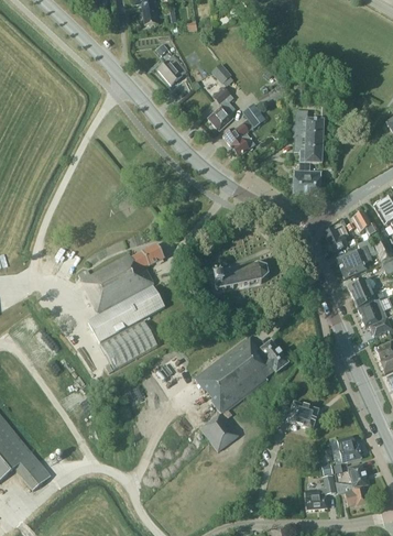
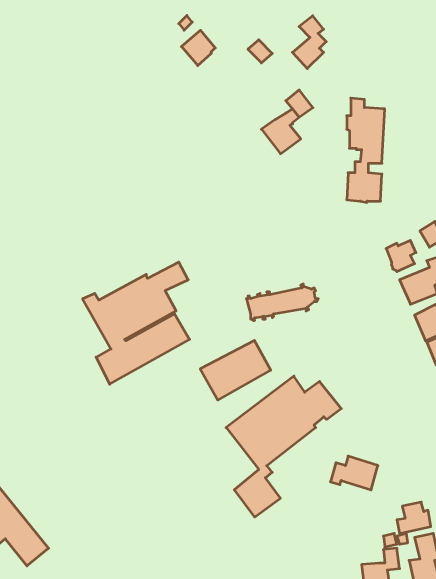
building: [207,87,234,130] -> [292,16,326,69]
building: [99,320,156,369] -> [200,340,271,400]

